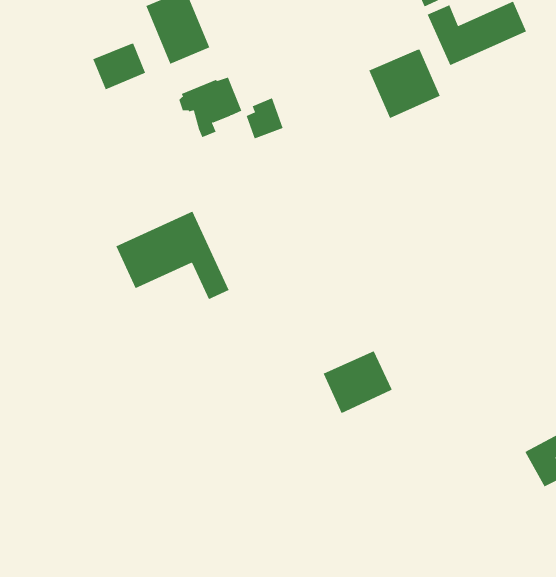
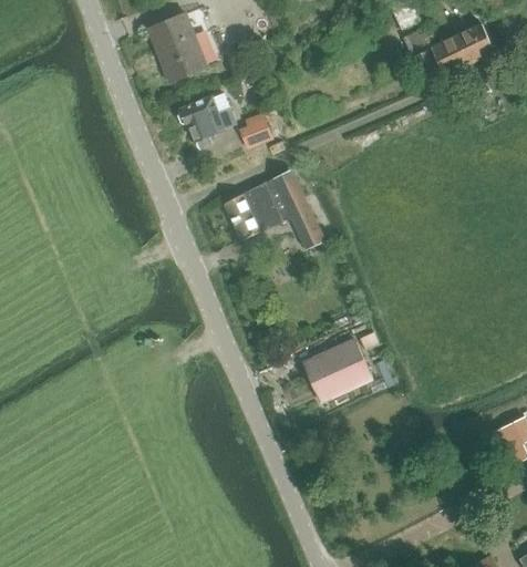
building: [93,43,146,90] -> none
building: [368,49,441,119] -> none
building: [116,211,229,300] -> [221,169,324,250]

